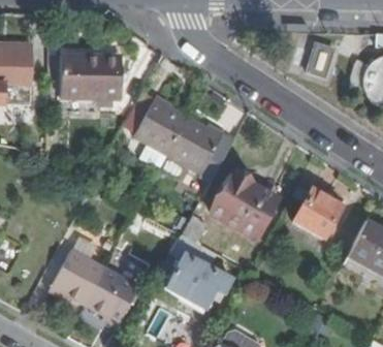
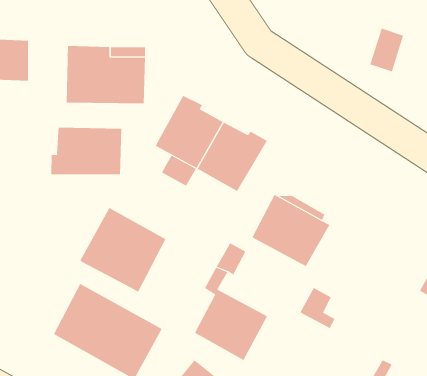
building: none -> [51,127,122,175]
building: none -> [79,207,166,293]
building: [294,189,342,239] -> none

